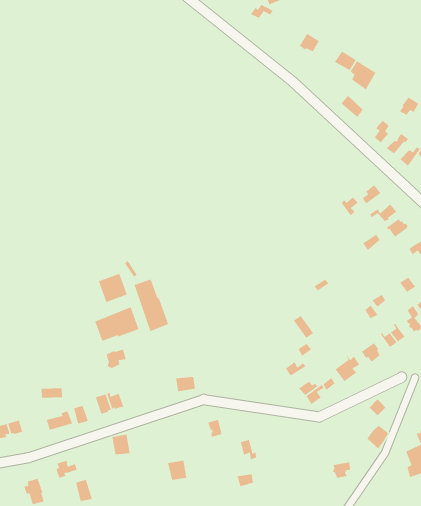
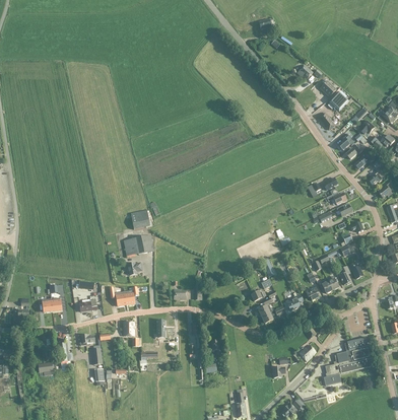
building: [134,278,169,332] -> none

